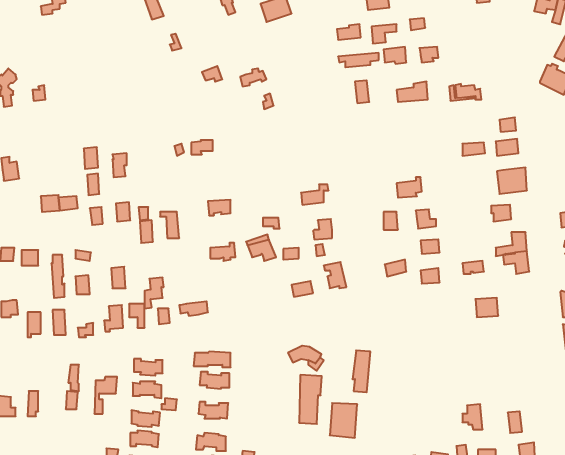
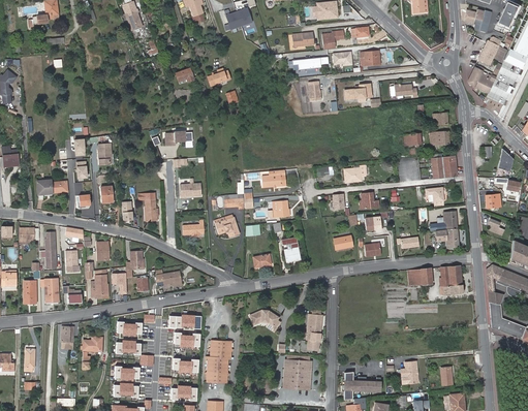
building: none -> [439,266,462,294]
building: [299,375,322,424] -> [212,341,231,383]
building: none -> [343,372,379,399]

